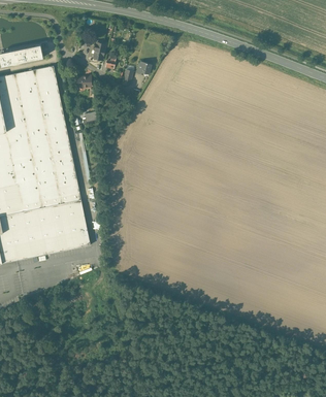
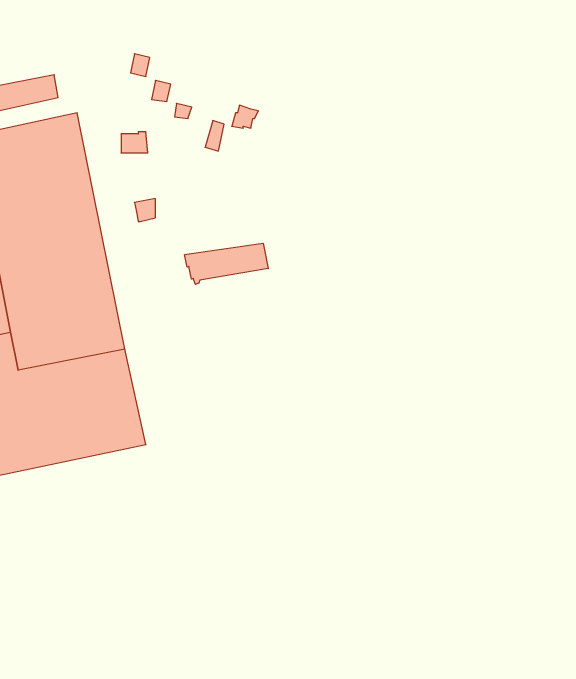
building: none -> [185,243,268,284]

